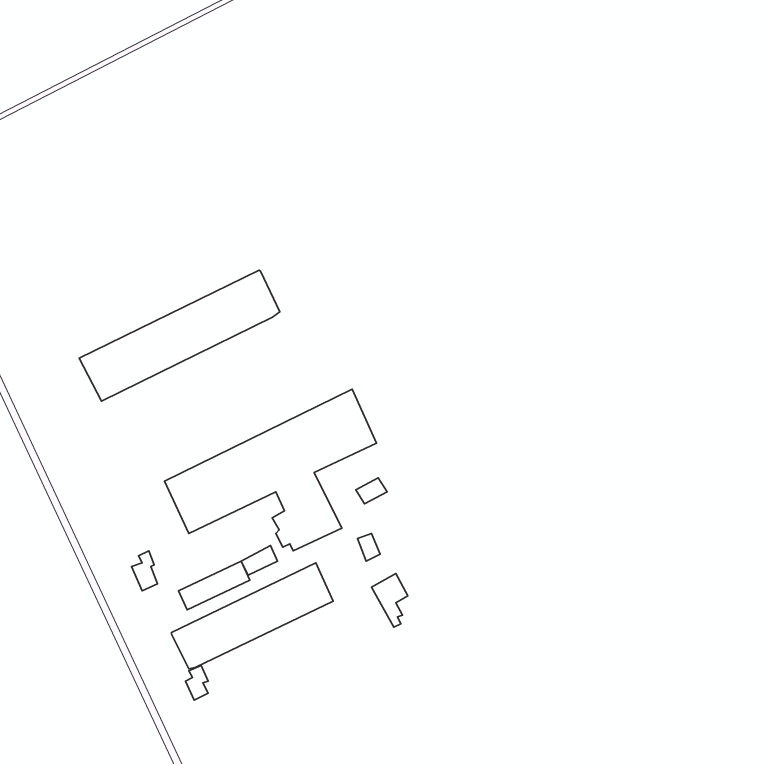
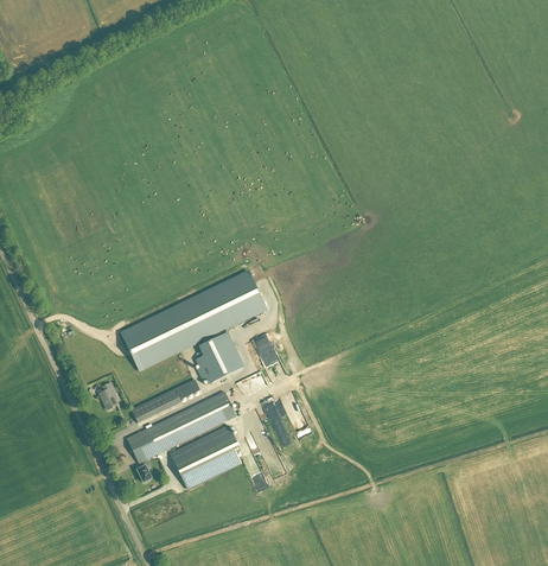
building: [79,270,280,401] -> none
building: none -> [168,424,240,489]

